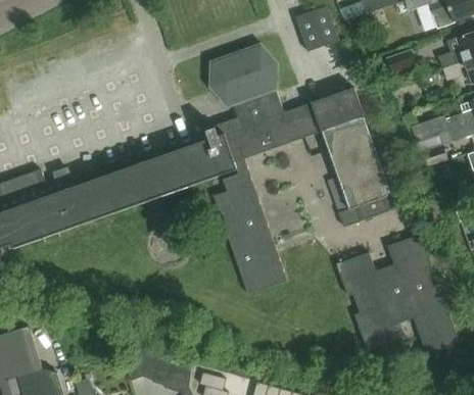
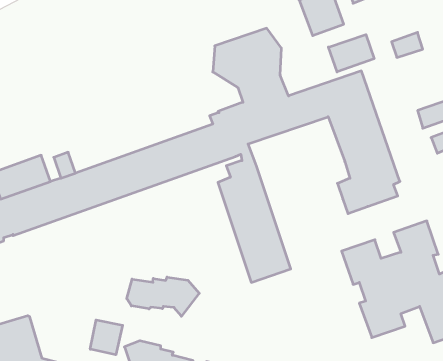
building: none -> [328,35,374,72]
building: none -> [127,277,199,316]
building: none -> [90,320,123,355]

